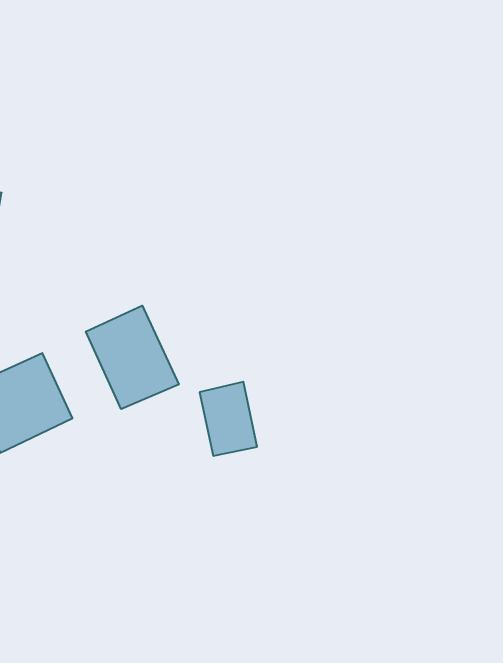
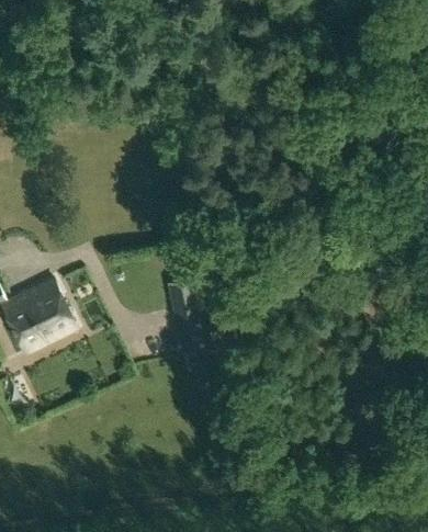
building: [86,306,179,409] -> none

